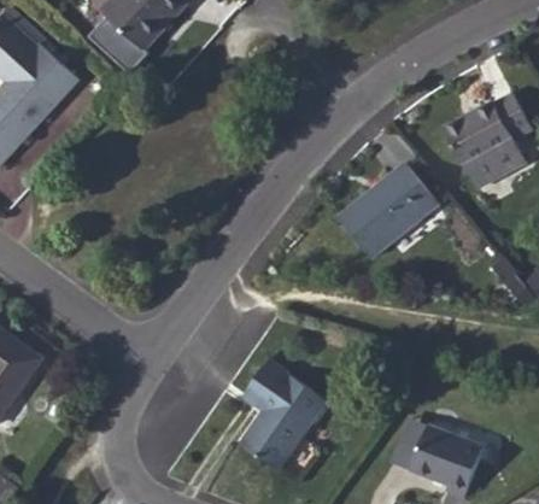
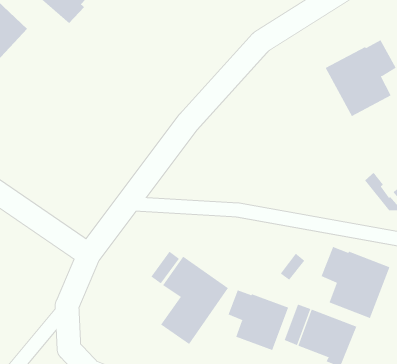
building: [338,163,439,258] -> none
building: none -> [321,246,390,319]
building: none -> [228,290,289,351]

